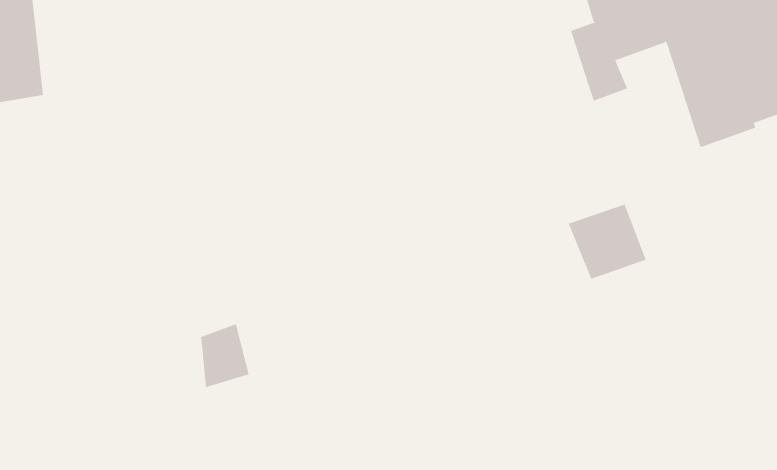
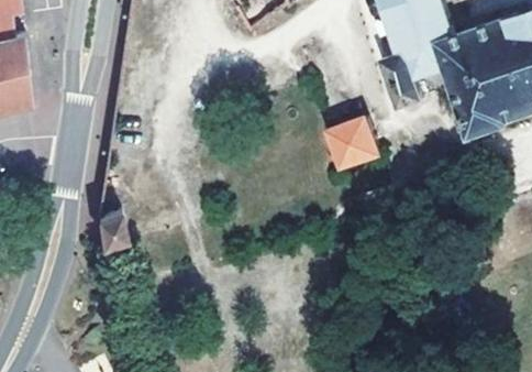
building: [568,204,647,280] -> [326,117,379,167]
building: [200,324,250,388] -> [98,203,131,245]

